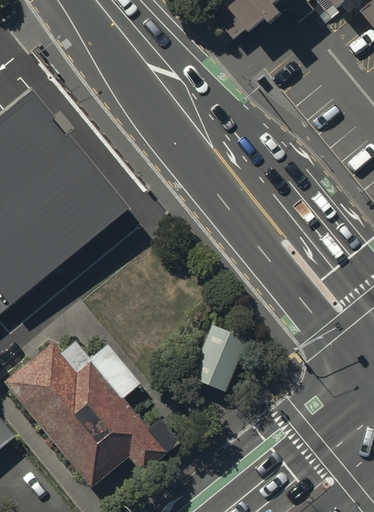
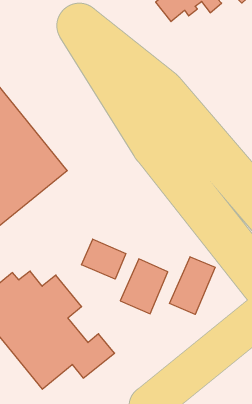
building: none -> [82,239,126,279]
building: none -> [170,257,215,314]

